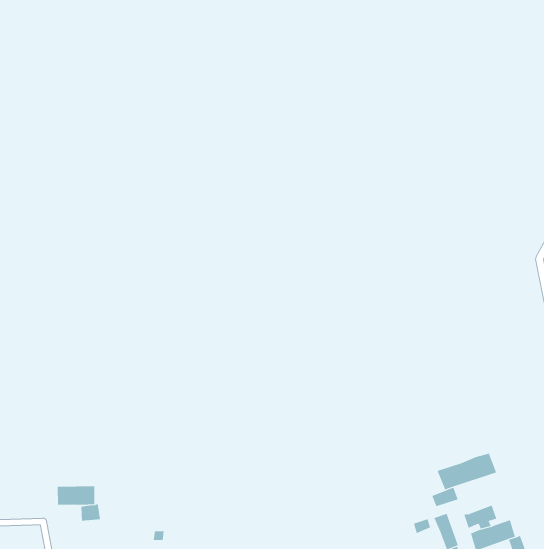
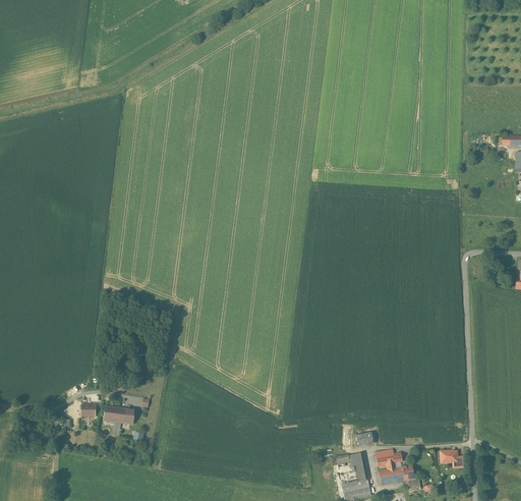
building: [437,453,497,490] -> none
building: [57,486,95,505] -> [102,405,133,424]

